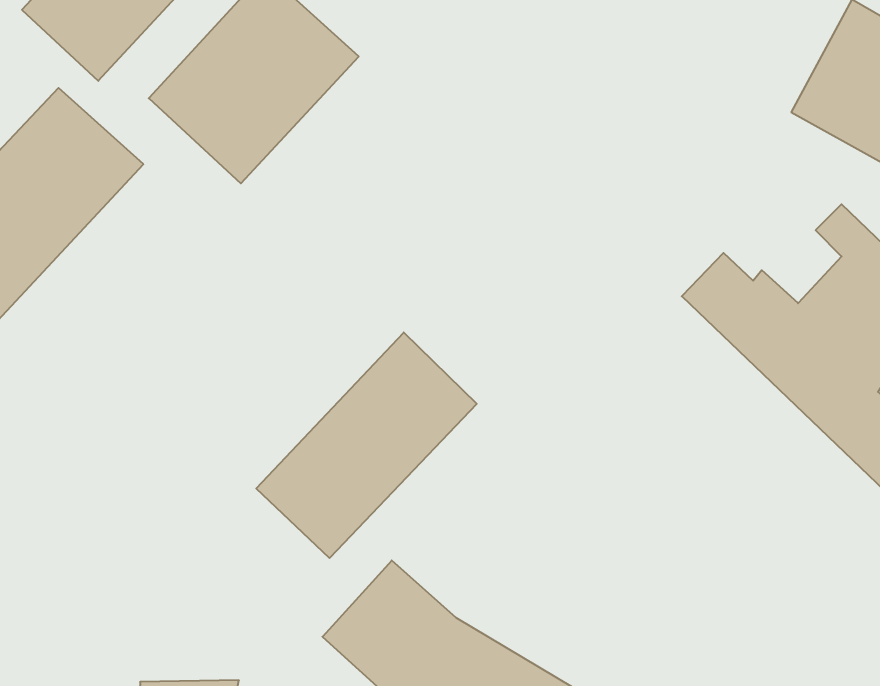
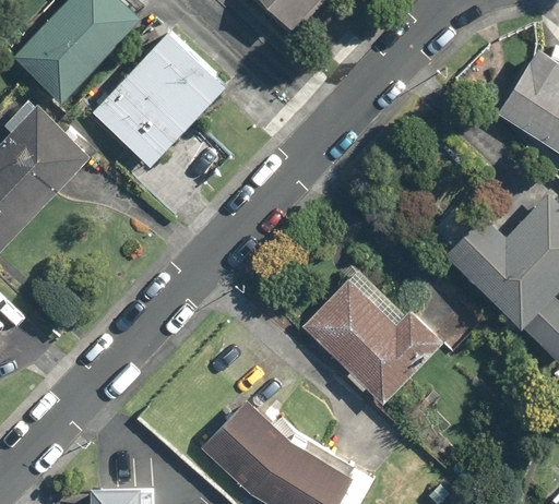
building: [256,332,477,558] -> none
building: none -> [304,271,444,405]

